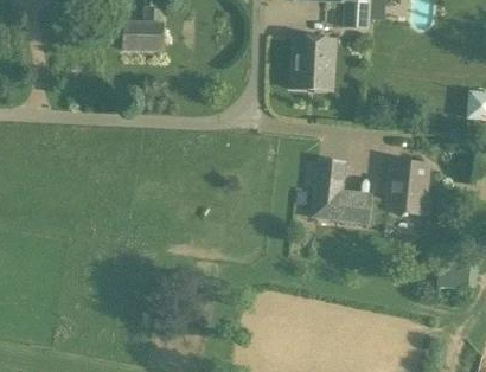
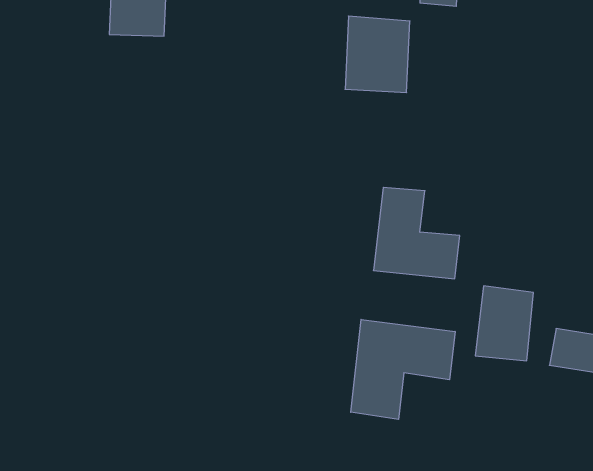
building: [385,160,427,213] -> [475,286,533,361]
building: none -> [351,319,455,419]

